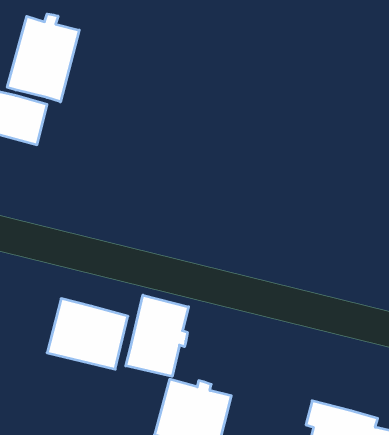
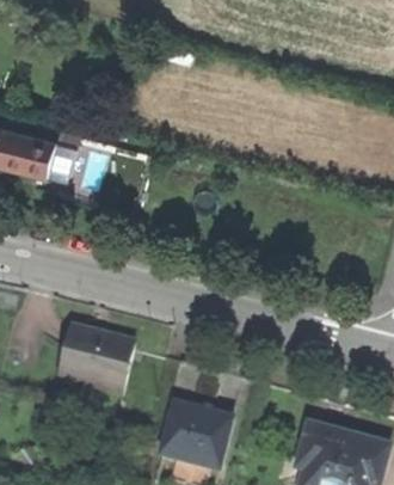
building: [7,14,79,102] -> none
building: [126,295,189,376] -> none

